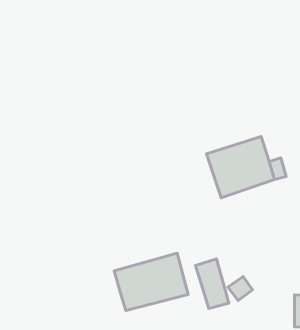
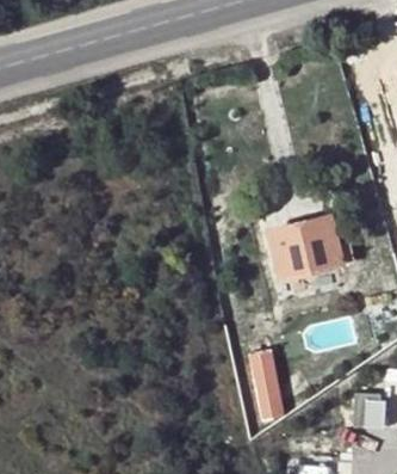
building: [114,253,188,311] -> none

